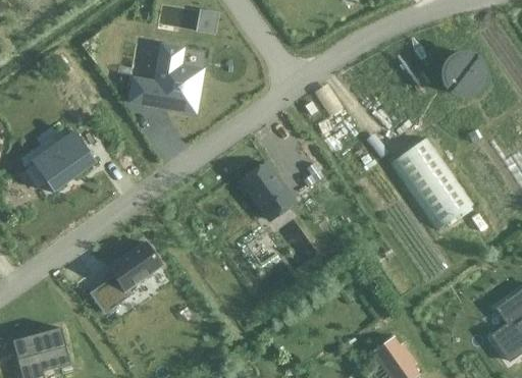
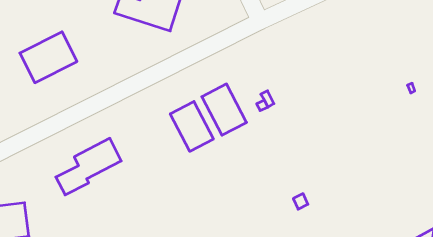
building: [442,53,483,94] -> none
building: [389,137,473,229] -> none
building: none -> [170,101,213,151]

